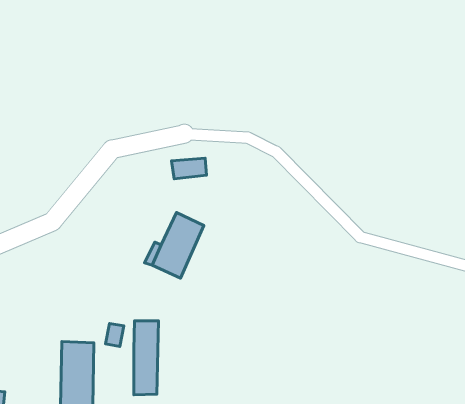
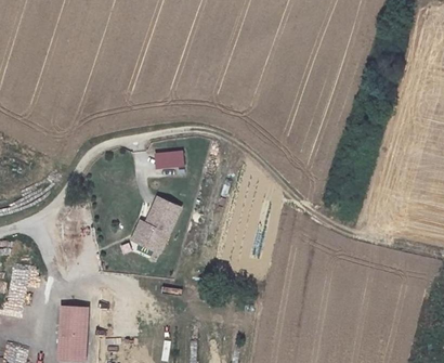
building: [134,321,158,395] -> none

